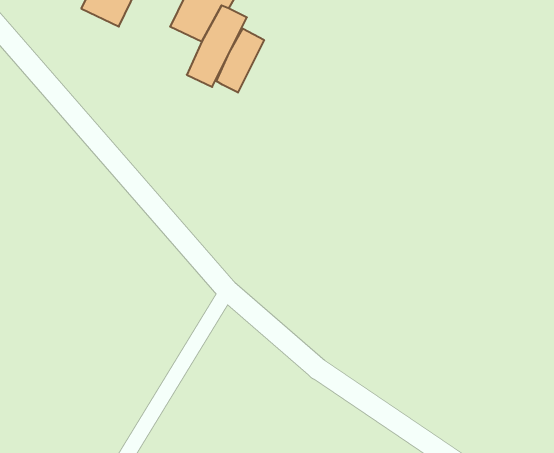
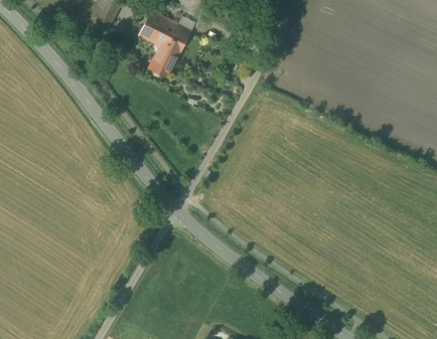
building: [216,29,264,93] -> none

